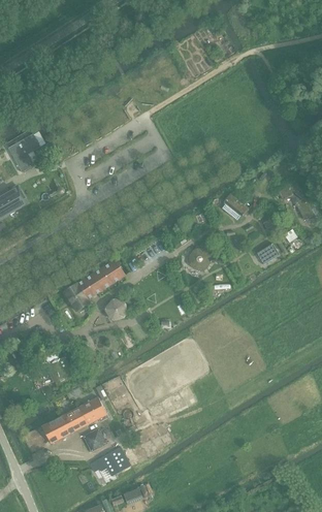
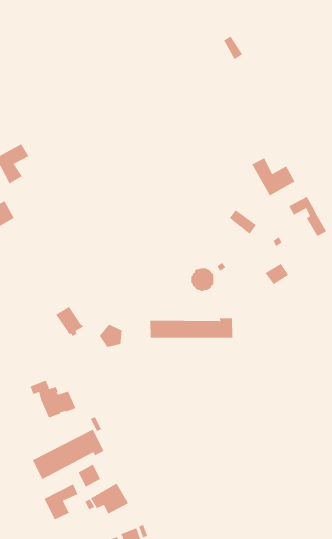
building: none -> [251,157,295,197]
building: [75,259,124,299] -> none
building: none -> [150,318,233,338]
building: none -> [43,483,79,520]

